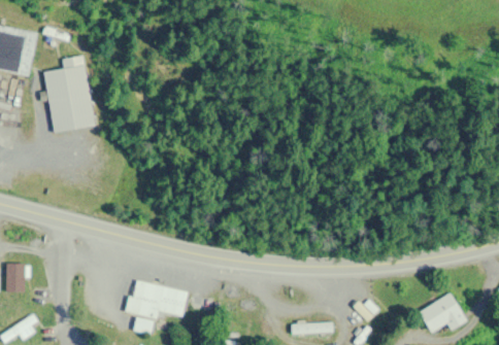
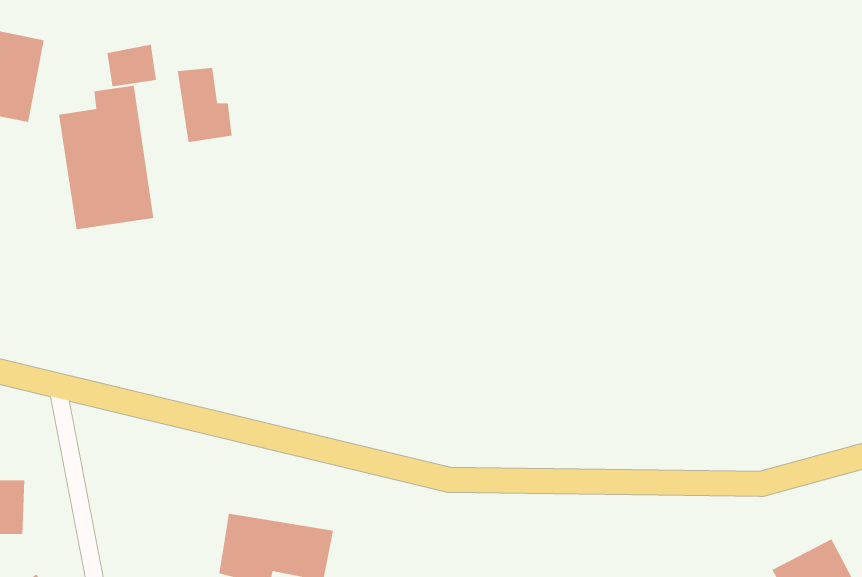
building: none -> [107,44,157,87]
building: none -> [177,67,232,143]

